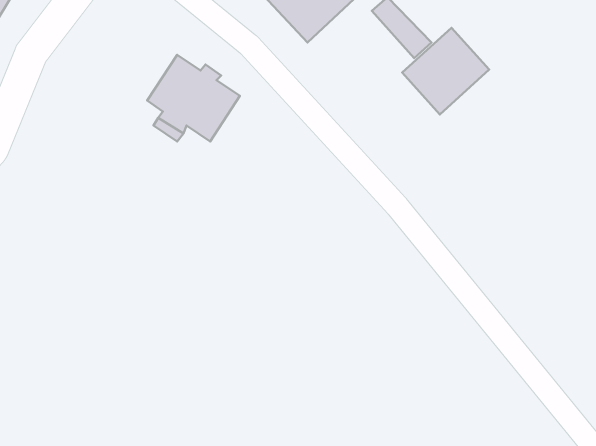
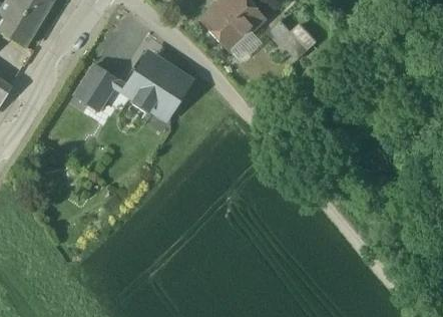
building: [402,28,489,114] -> none
building: none -> [74,64,117,109]

